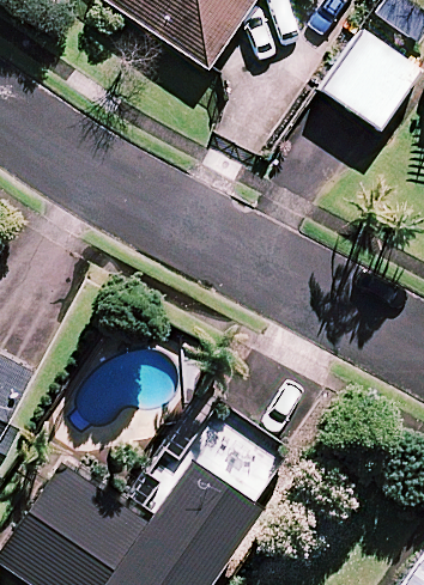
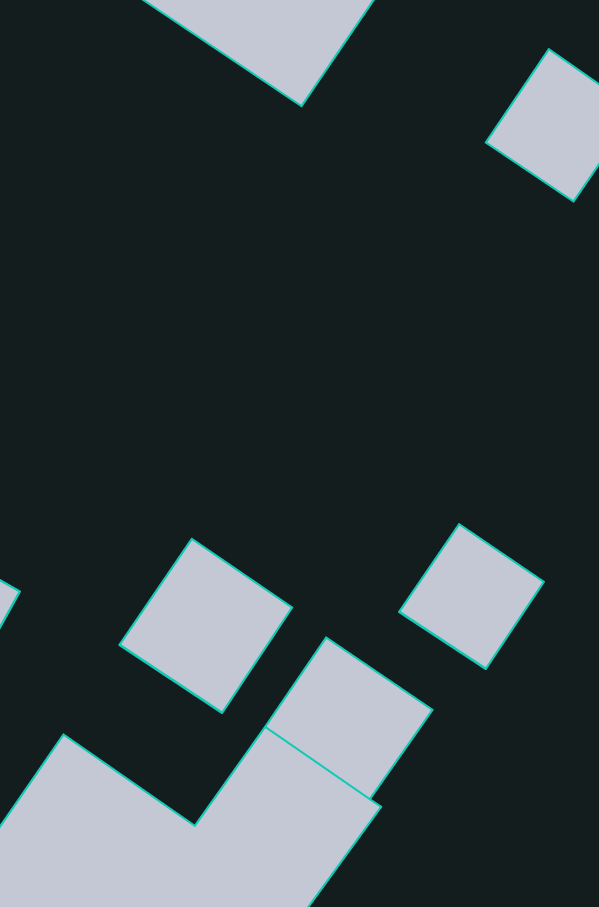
building: none -> [399,524,544,669]
building: none -> [120,539,292,713]

